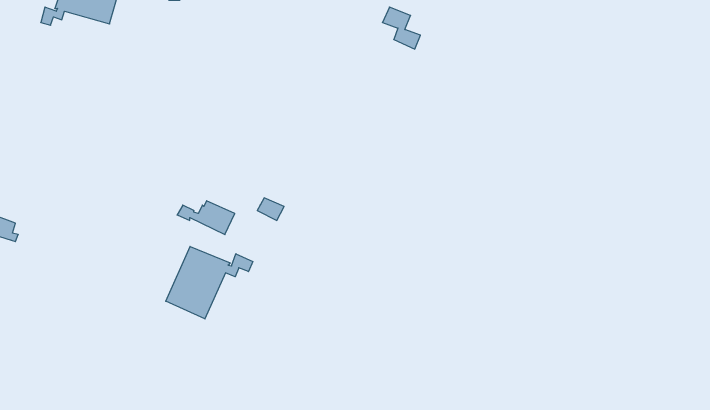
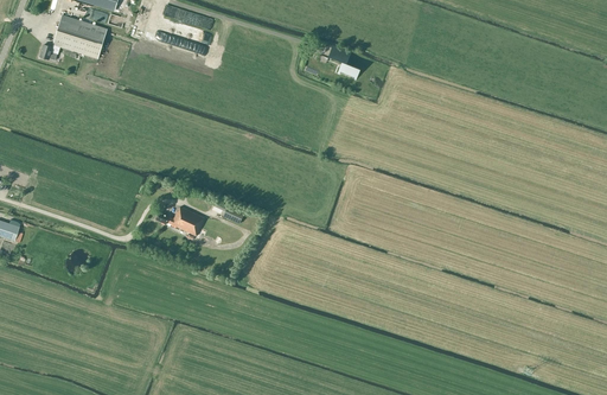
building: [166,246,253,319] -> none

